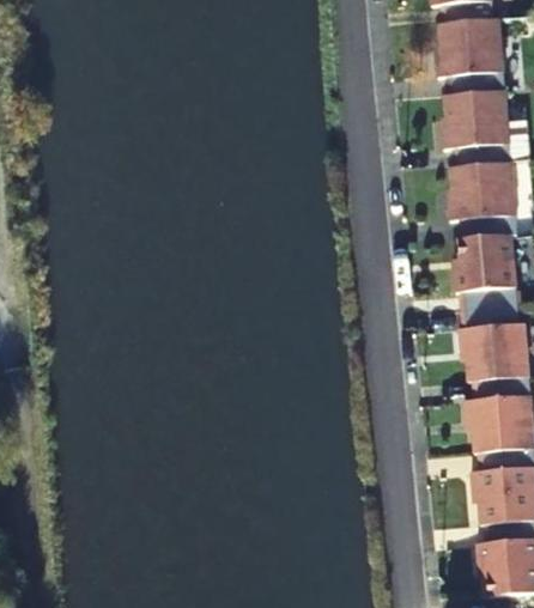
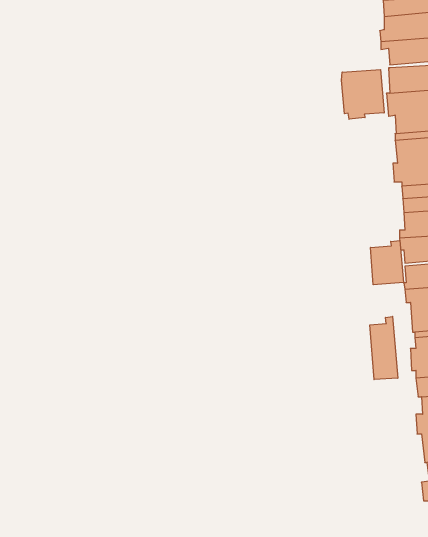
building: none -> [342,70,384,119]
building: none -> [371,240,403,285]
building: none -> [370,316,398,380]

